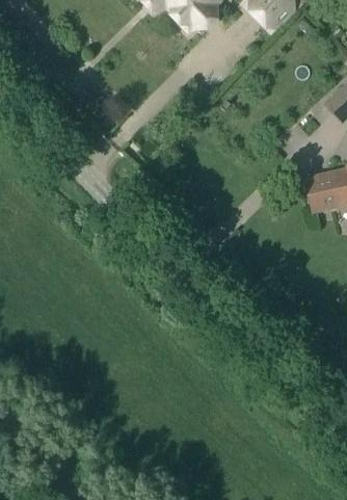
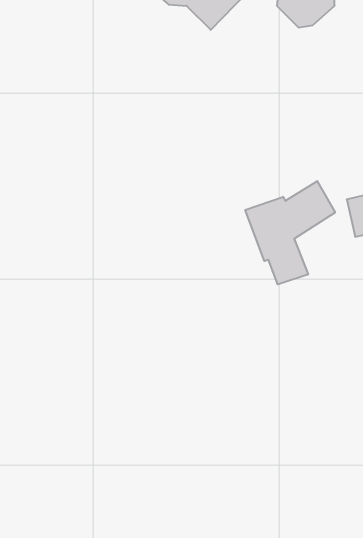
building: none -> [245,181,335,284]

